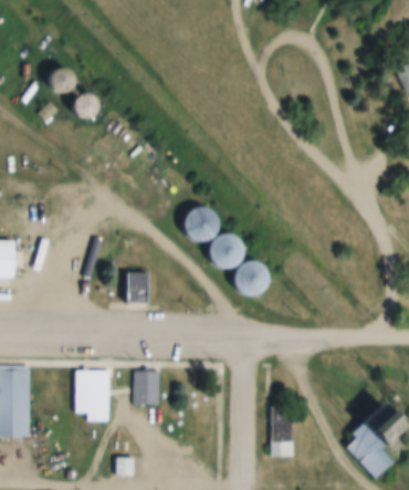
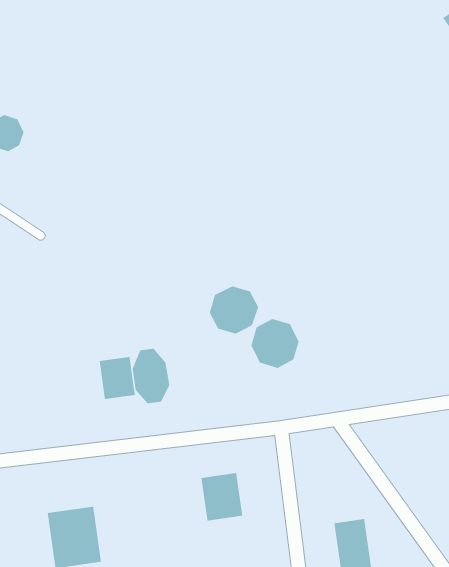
building: [180,206,216,241] -> none
building: none -> [132,348,170,404]
building: [133,372,158,403] -> [201,472,243,521]

